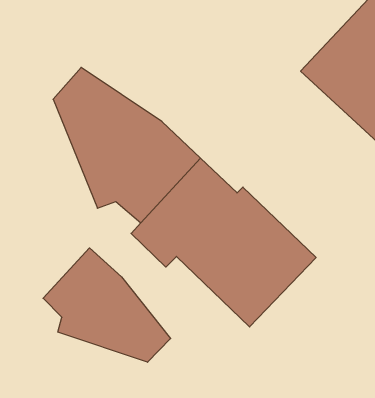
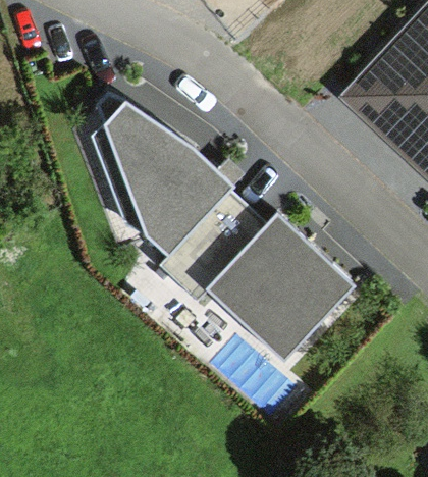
building: [43,248,171,362] -> none

